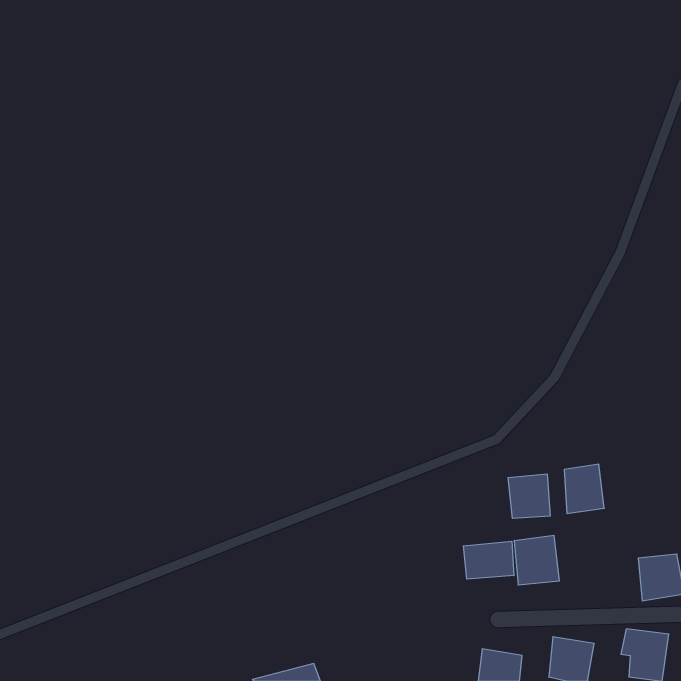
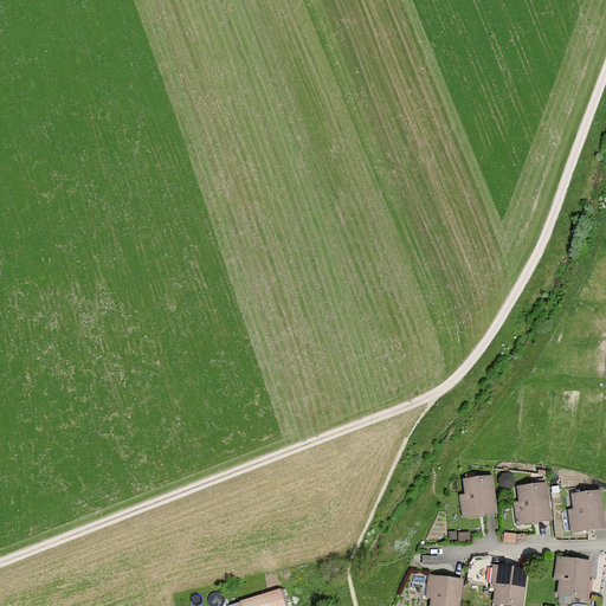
building: [564,464,604,514] -> [515,483,550,527]
building: [508,474,550,518] -> none
building: [463,541,514,579] -> none

